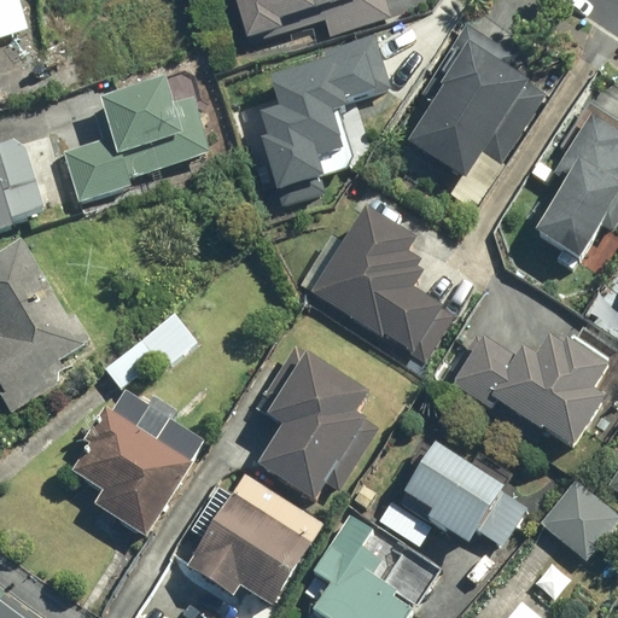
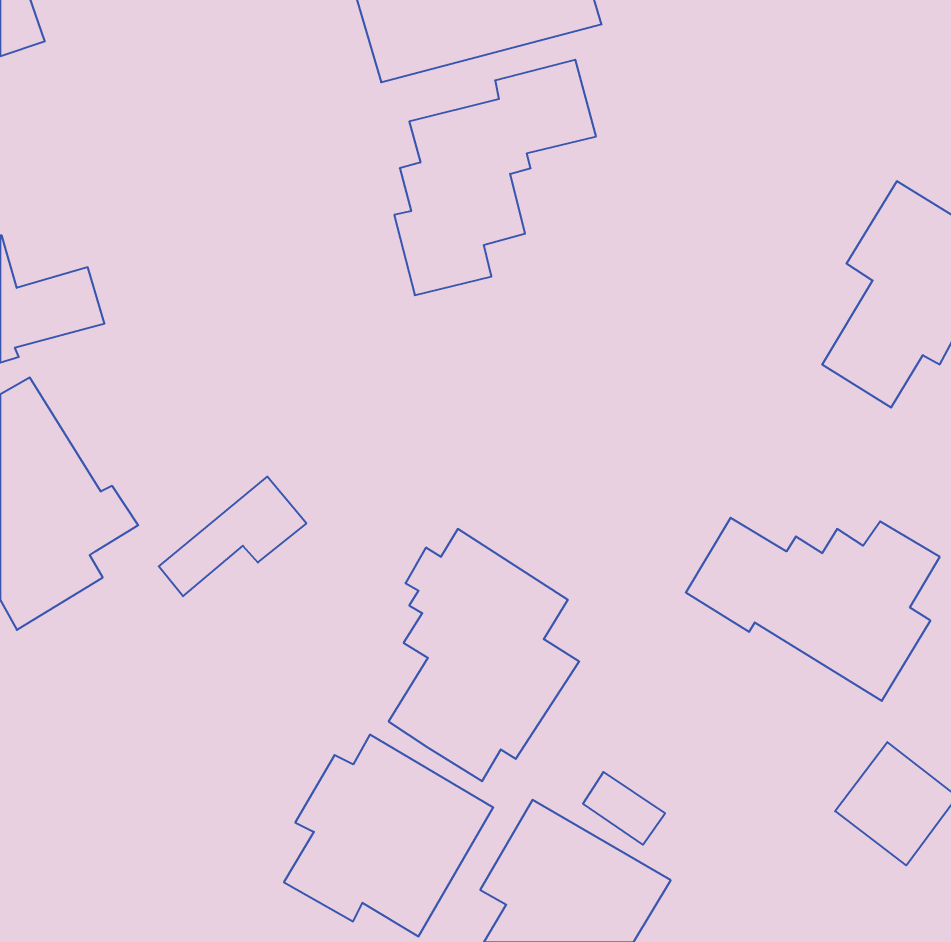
building: [402,21,547,182] -> none
building: [66,87,211,199] -> none
building: [302,208,441,352] -> none
building: [75,389,204,534] -> none
building: [400,445,526,544] -> none

